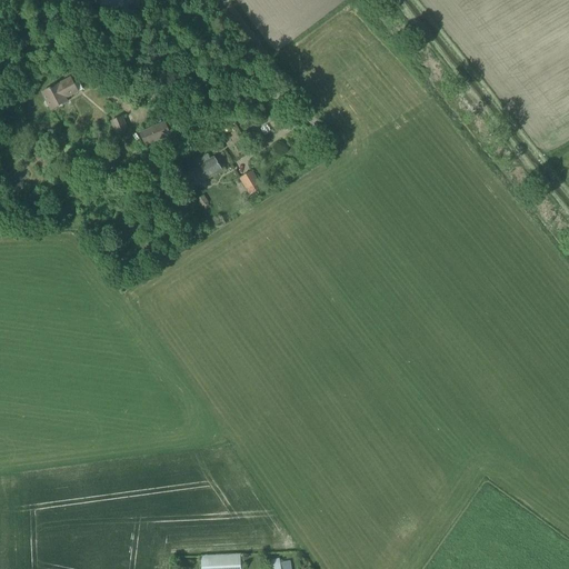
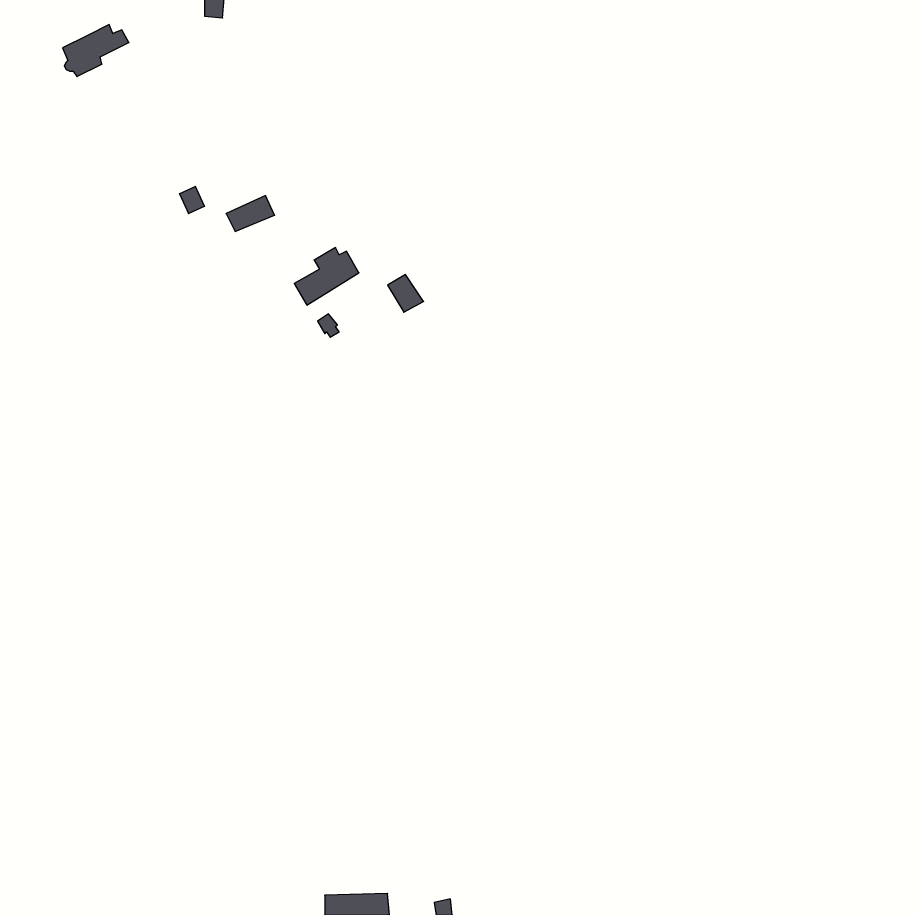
building: [42,77,83,109] -> [63,25,129,77]

